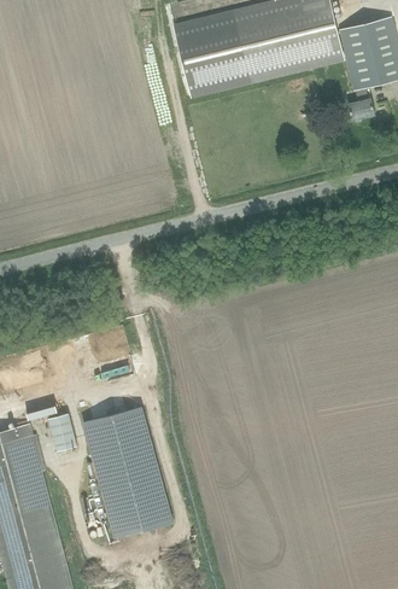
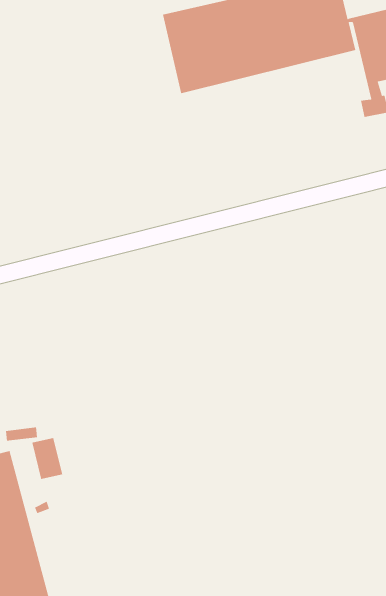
building: [82,404,172,537] -> none

